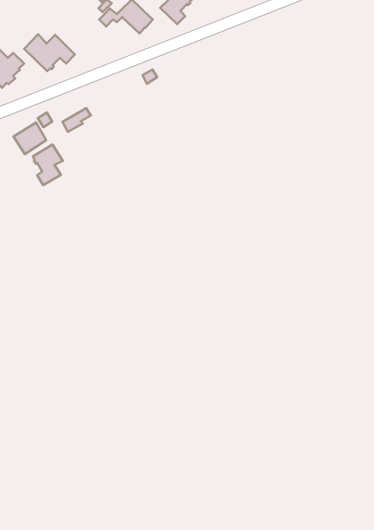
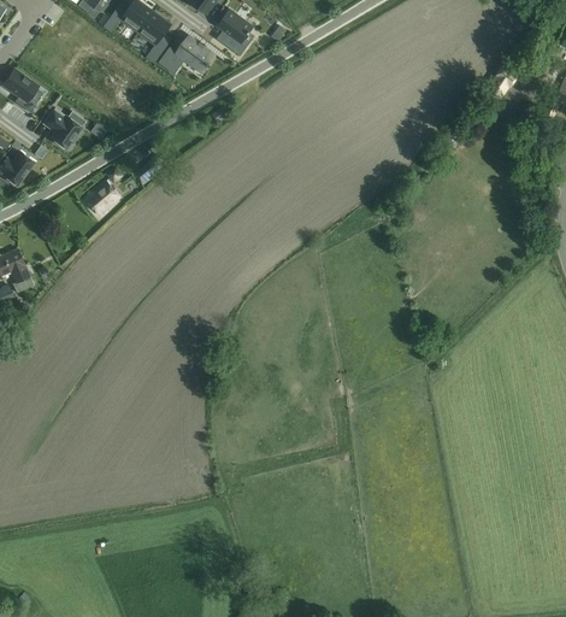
building: [24,34,75,71] -> none
building: [33,145,63,185] -> none

